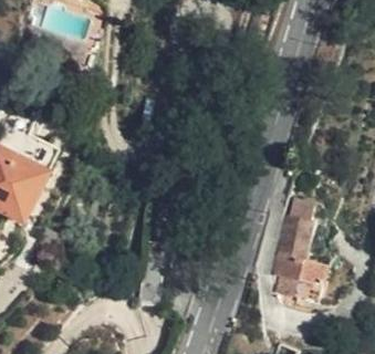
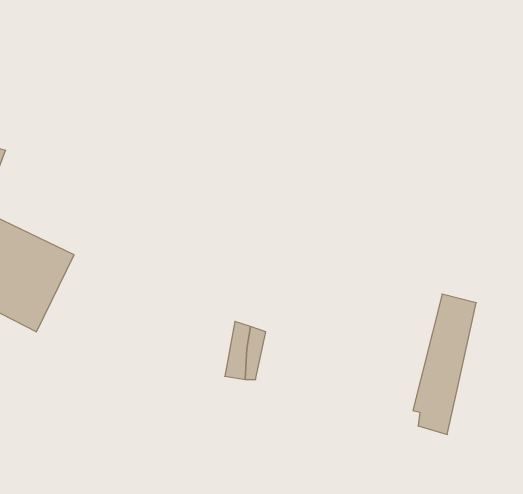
building: [274,259,326,301] -> none

